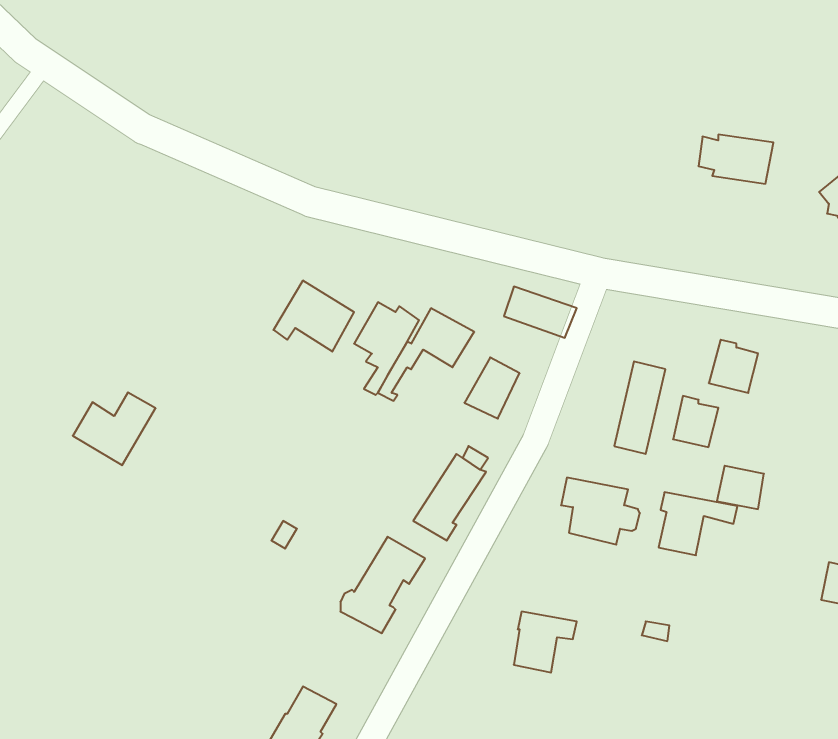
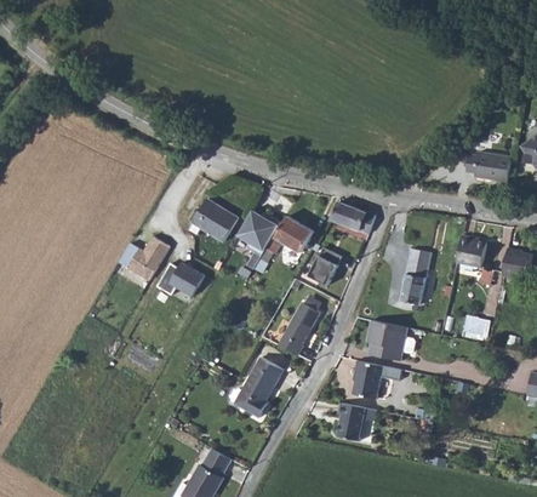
building: [698,135,773,184] -> [470,152,516,182]
building: none -> [158,263,204,297]
building: [73,392,156,465] -> [116,235,167,280]
building: [673,396,718,447] -> [501,247,529,279]
building: [659,492,737,555] -> [353,360,401,399]

